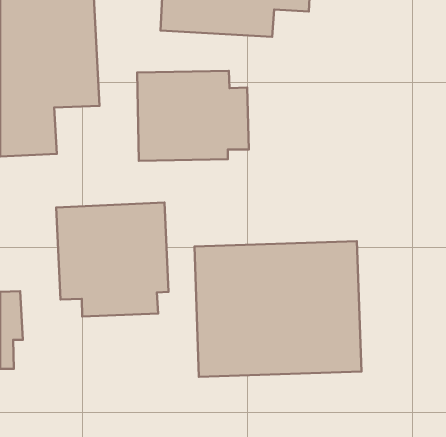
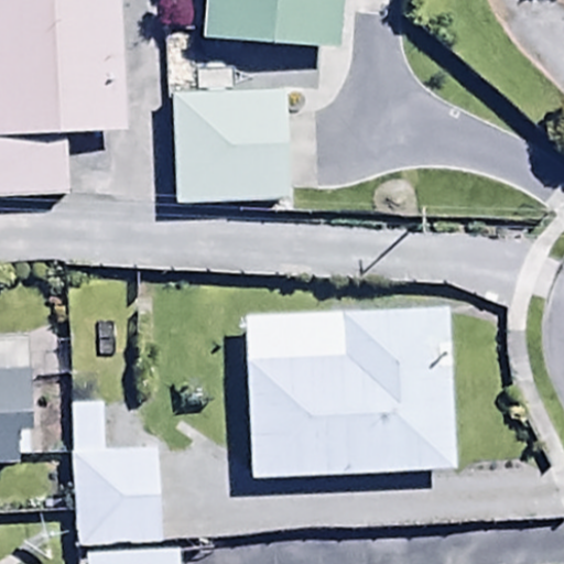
building: [56,203,169,316] -> none
building: none -> [66,395,160,545]

